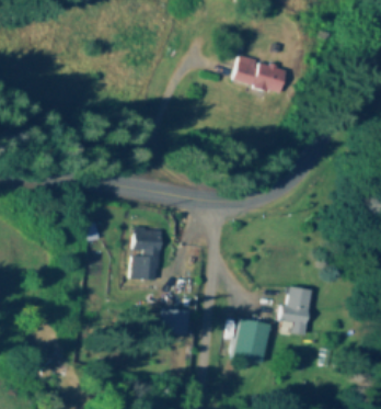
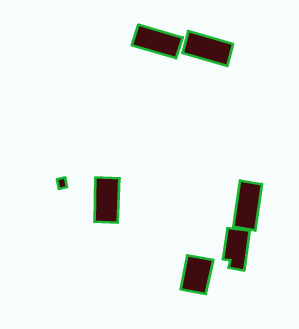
building: none -> [132,25,183,58]
building: none -> [233,180,262,231]

